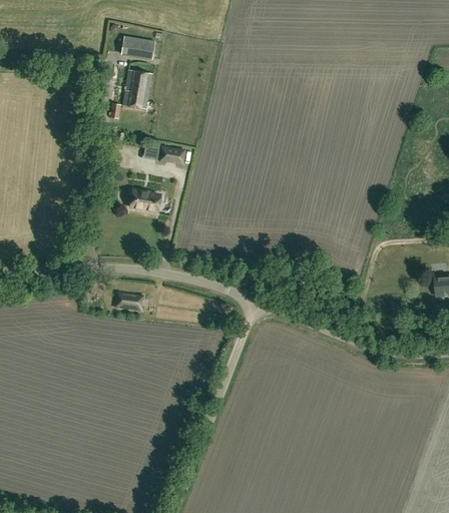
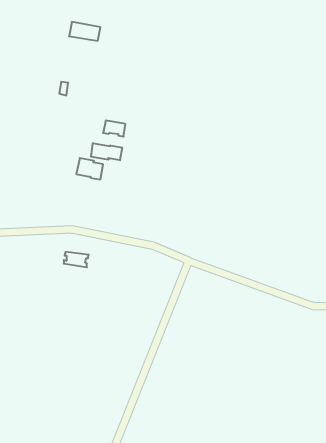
building: [122,69,151,109] -> none
building: none -> [91,143,122,160]

